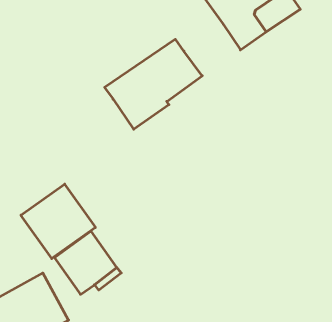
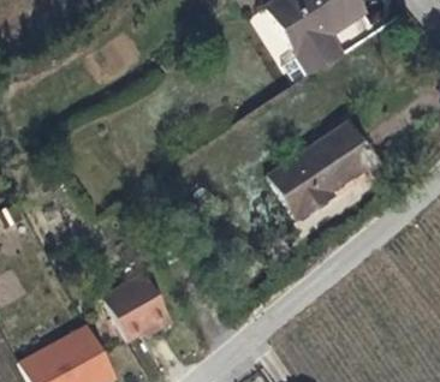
building: [105,39,202,129] -> [264,120,374,221]
building: [21,184,95,259] -> none

